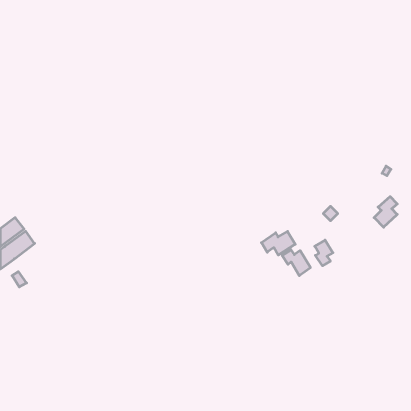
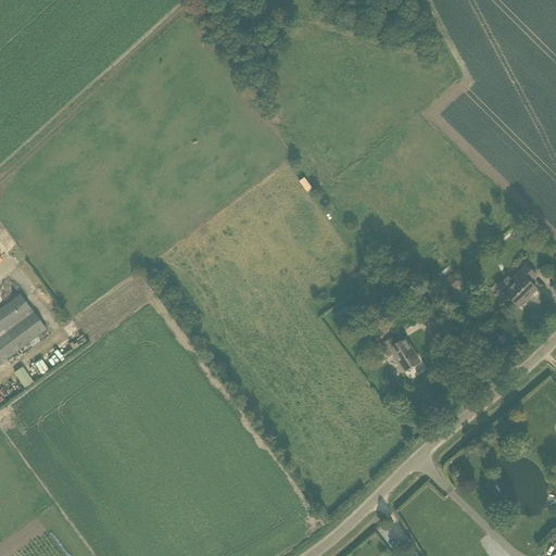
building: [261,231,295,255] -> none
building: [315,240,333,266] -> none

